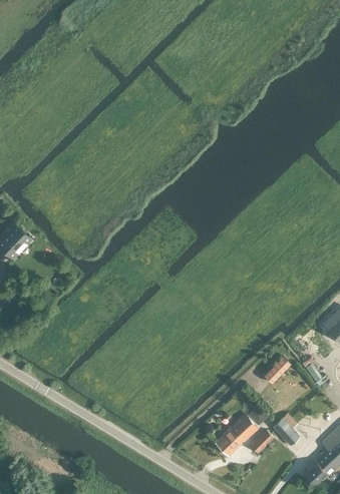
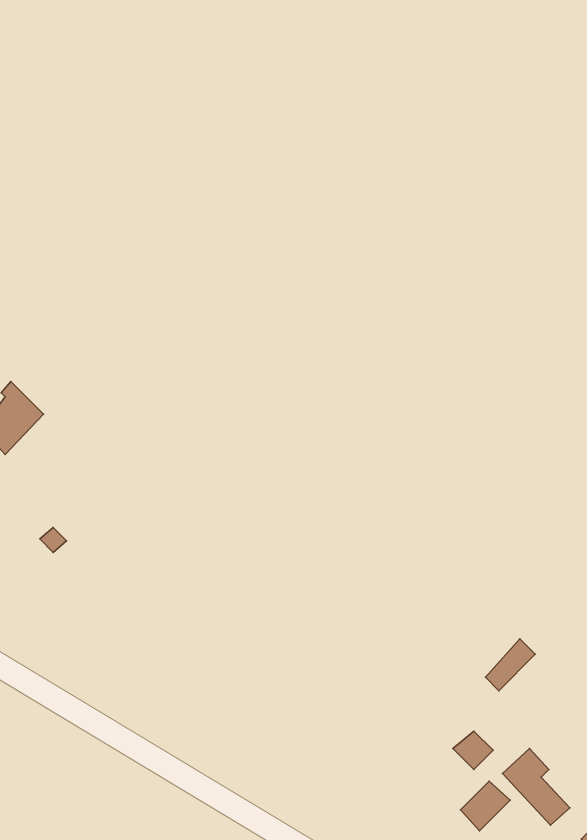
building: [213,415,257,457] -> none

